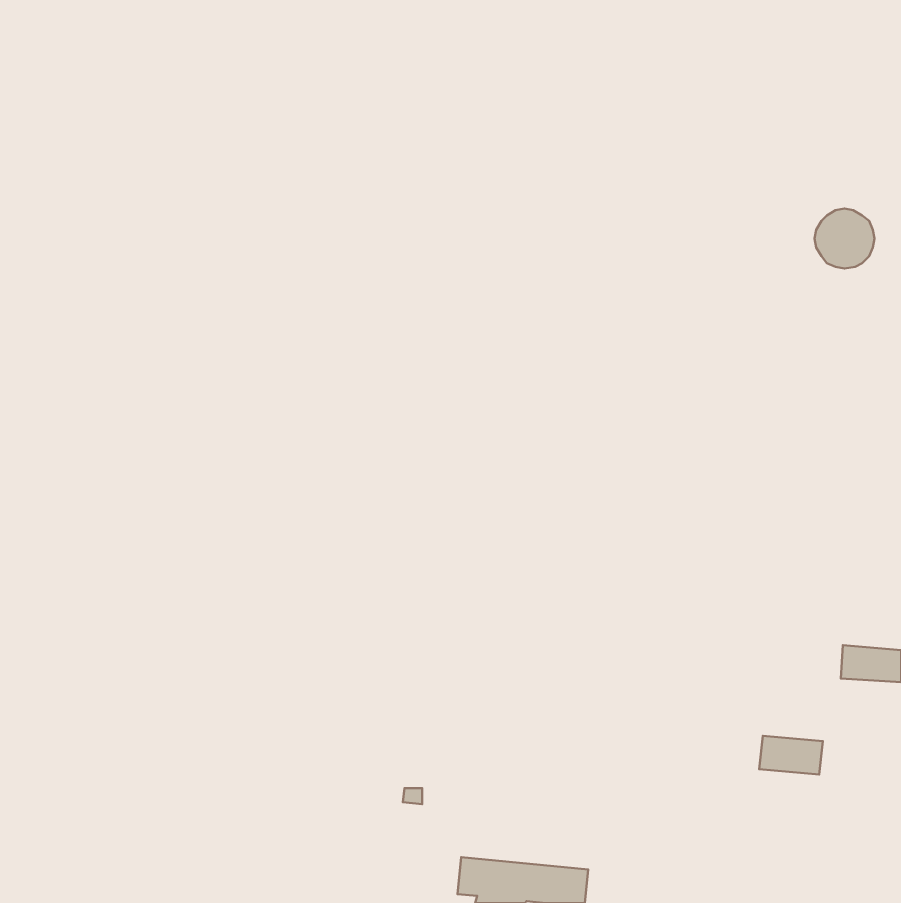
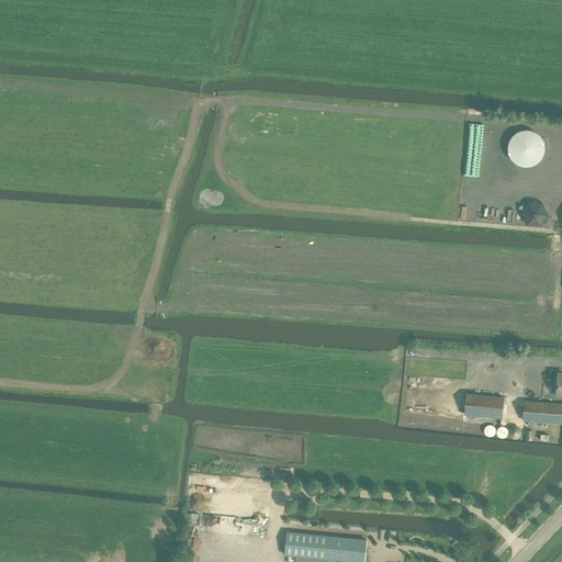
building: [759,736,823,775] -> [463,394,503,418]

